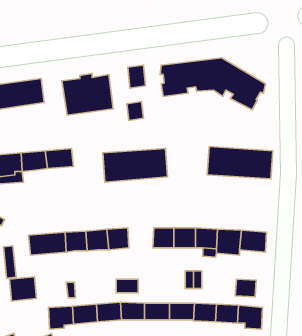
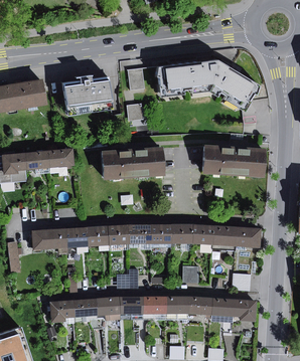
building: none -> [127,224,152,243]
building: [9,277,37,301] -> none

